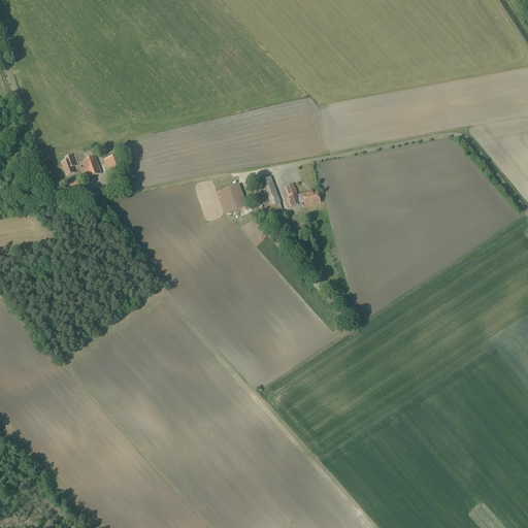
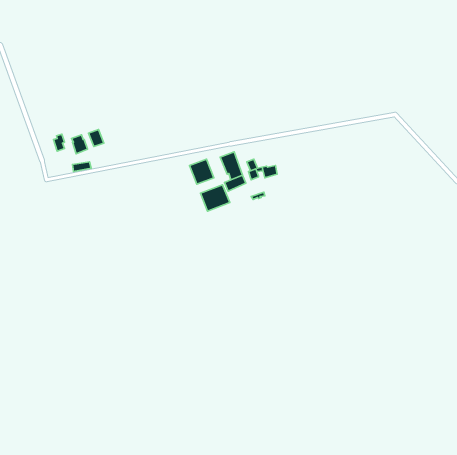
building: none -> [200,185,230,211]

